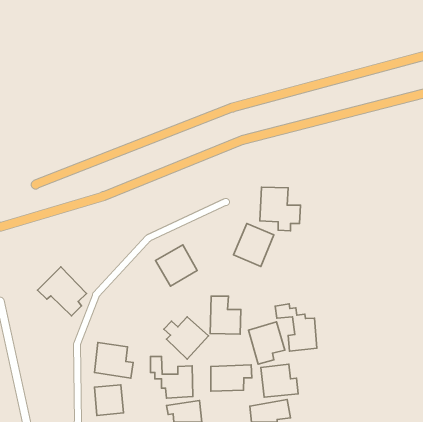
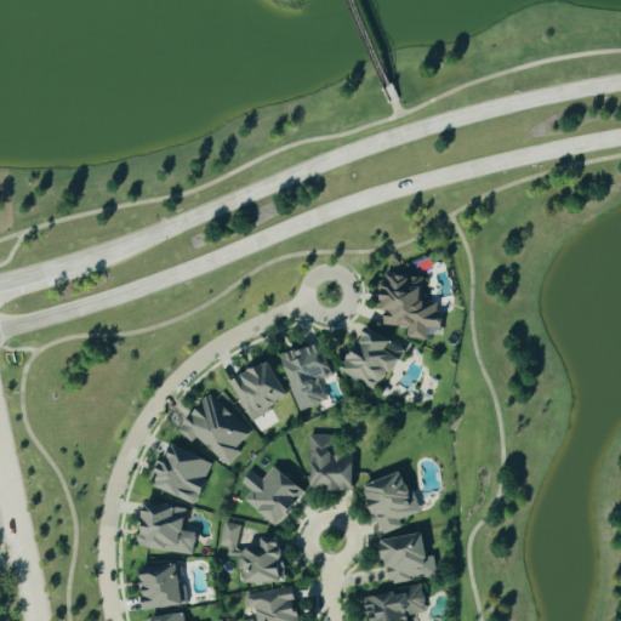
building: none -> [280,343,332,410]
building: [38,267,86,316] -> [176,394,247,466]
building: none -> [153,445,212,503]
building: [275,304,317,351] -> none
building: [211,365,252,391] -> none

